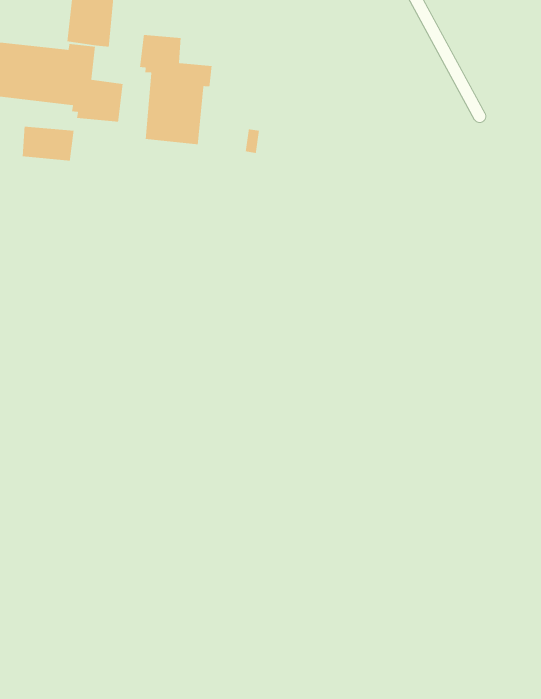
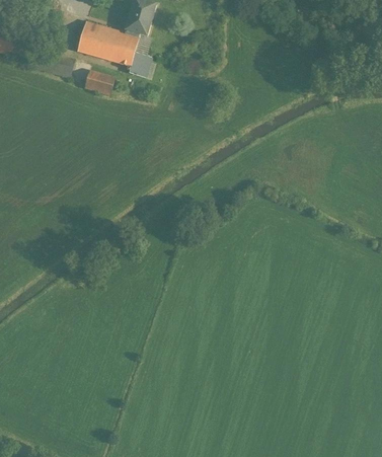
building: [139,34,212,145] -> none

